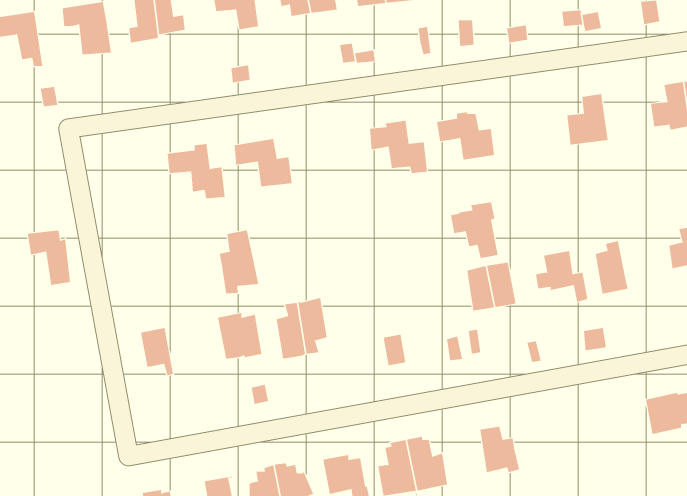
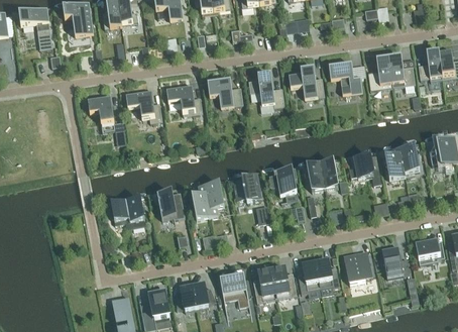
building: none -> [388,56,415,85]
building: none -> [328,62,361,92]
building: none -> [208,76,242,105]
building: [450,202,499,259] -> [268,165,298,200]
building: [219,230,259,294] -> none
building: [27,230,71,285] -> [88,96,114,129]
building: none -> [398,142,419,171]
building: none -> [234,173,260,199]
building: none -> [125,195,144,226]
building: none -> [379,244,409,275]
building: none -> [344,251,370,282]
building: none -> [299,259,319,291]

